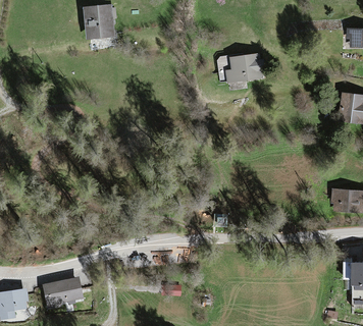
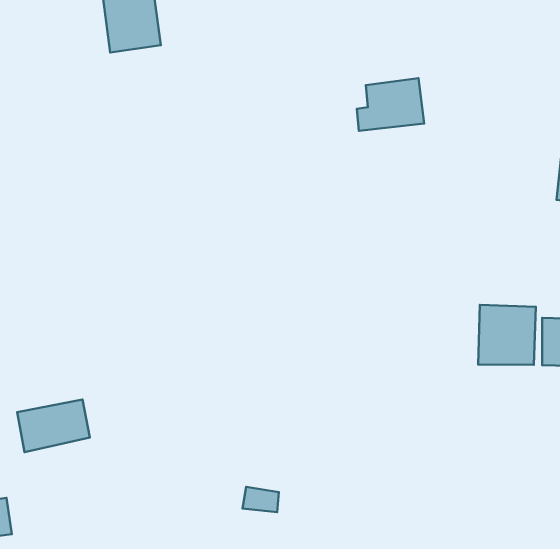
building: none -> [478,305,536,365]
building: [43,277,84,307] -> [17,399,90,452]

